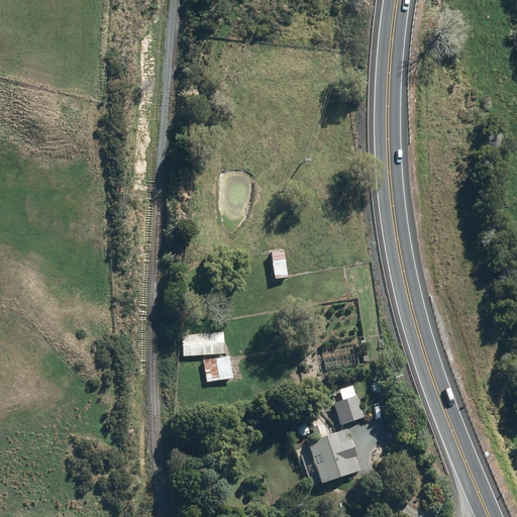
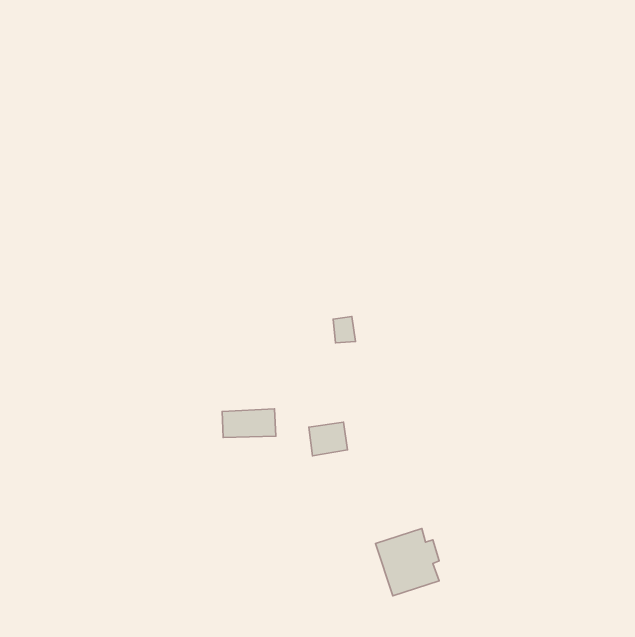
building: [203,355,234,383] -> [309,422,347,456]
building: [333,396,367,425] -> none

